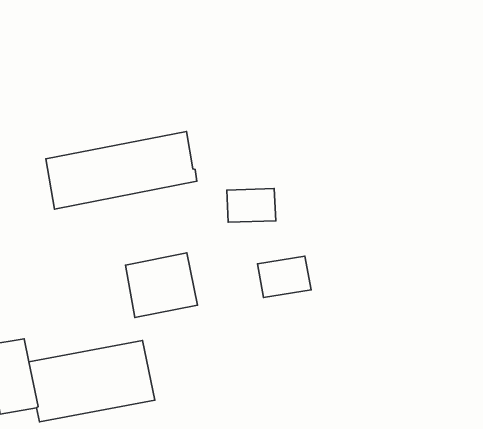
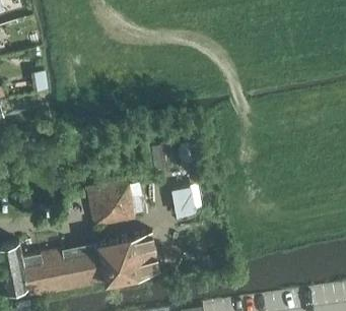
building: [46,131,197,209] -> none
building: none -> [98,234,161,285]

